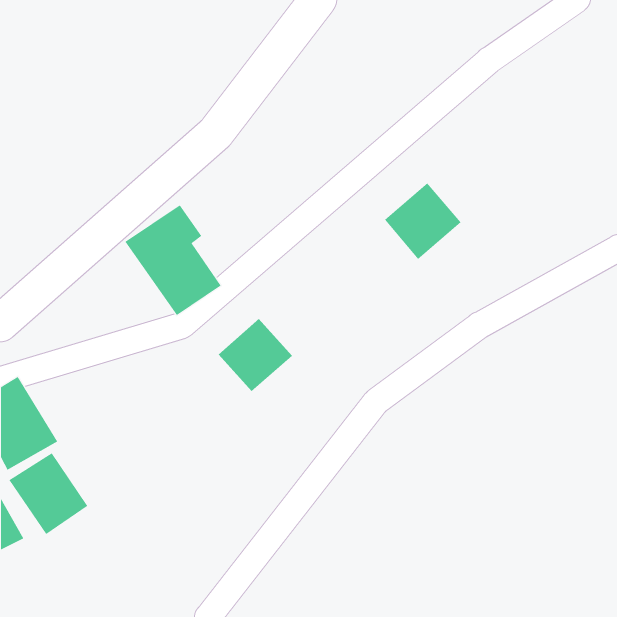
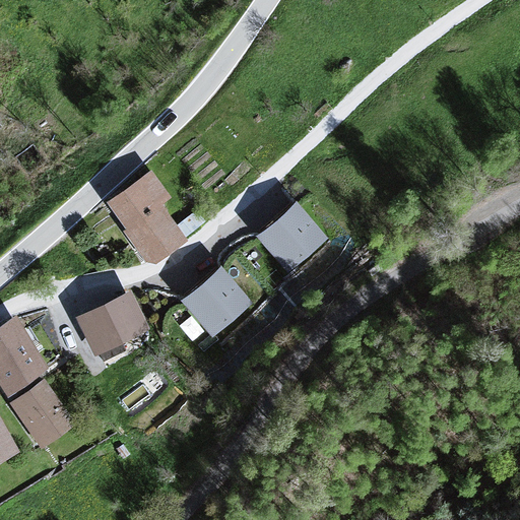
building: [384,182,461,260] -> [260,202,325,267]
building: none -> [74,292,147,358]

